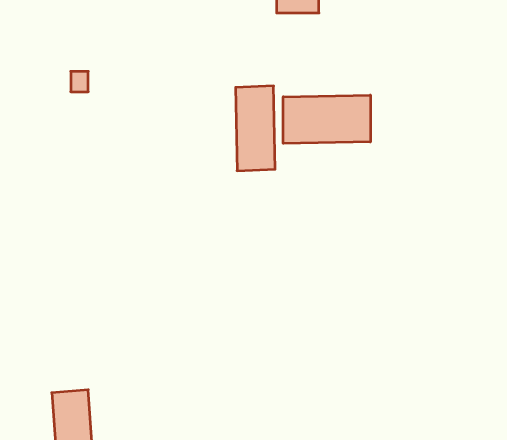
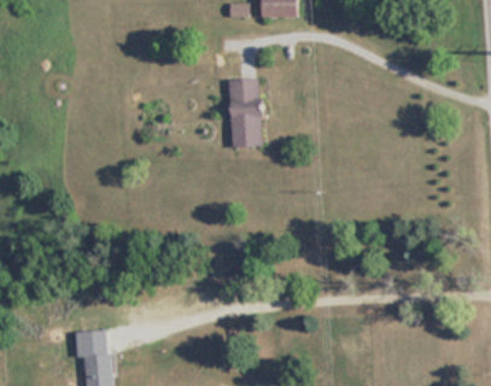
building: [283,95,370,143] -> none

